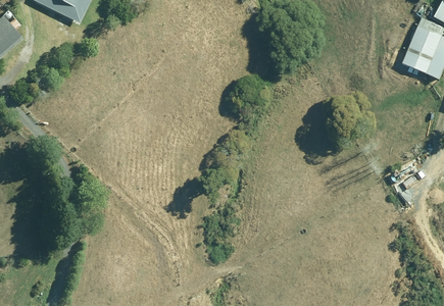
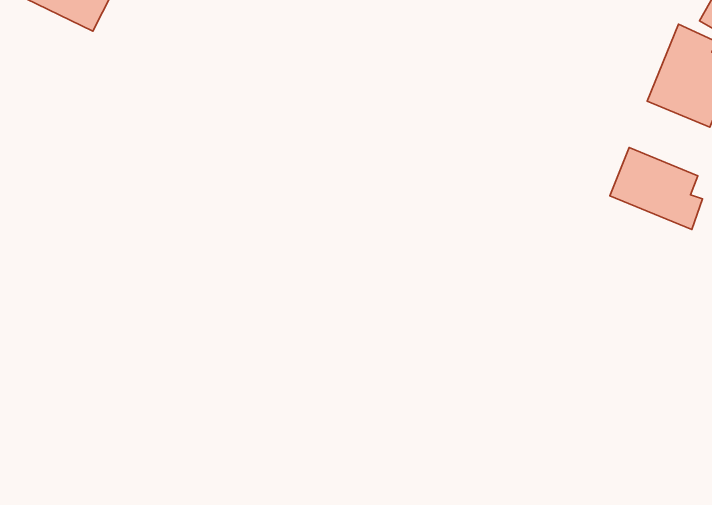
building: none -> [610,147,702,229]

